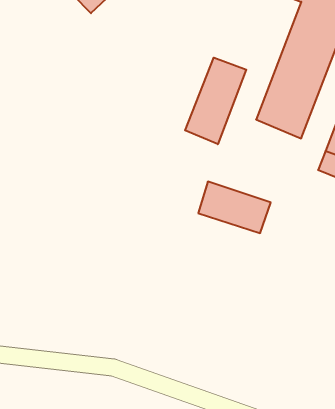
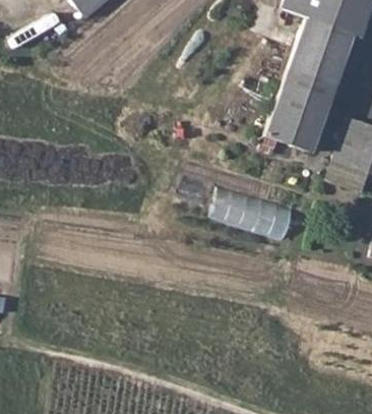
building: [185,58,246,144] -> none

